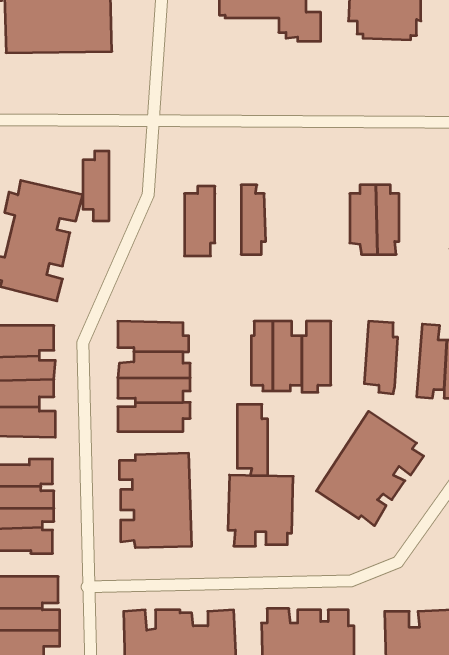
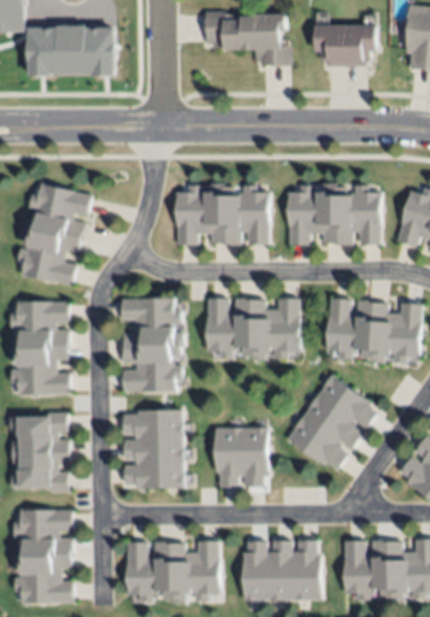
building: [83,151,109,221] -> [202,187,224,245]
building: none -> [243,187,267,246]
building: none -> [355,187,381,247]
building: none -> [289,188,314,246]
building: none -> [352,301,375,363]
building: [237,404,268,475] -> [207,300,232,359]

